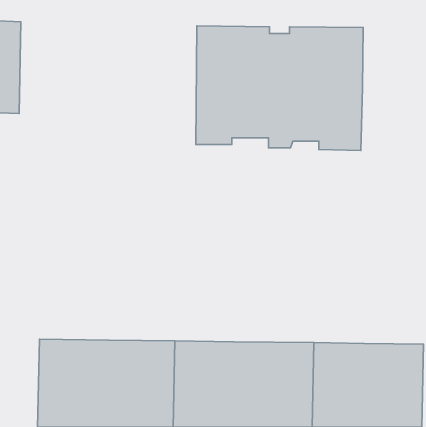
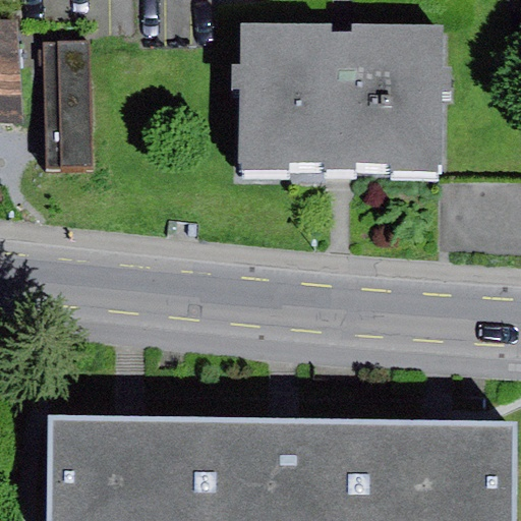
building: none -> [42,42,93,168]

